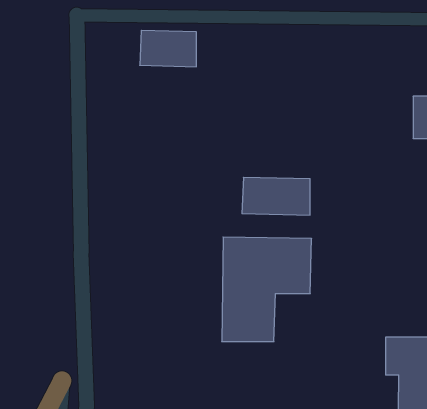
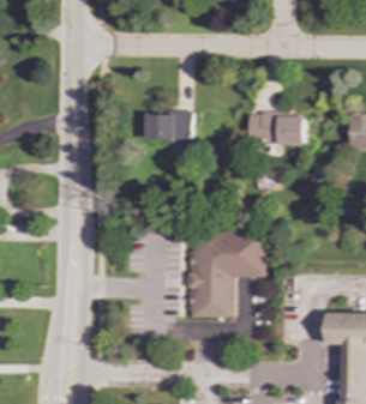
building: [140,30,196,67] -> [145,110,192,140]
building: [242,177,310,215] -> [248,111,305,143]

